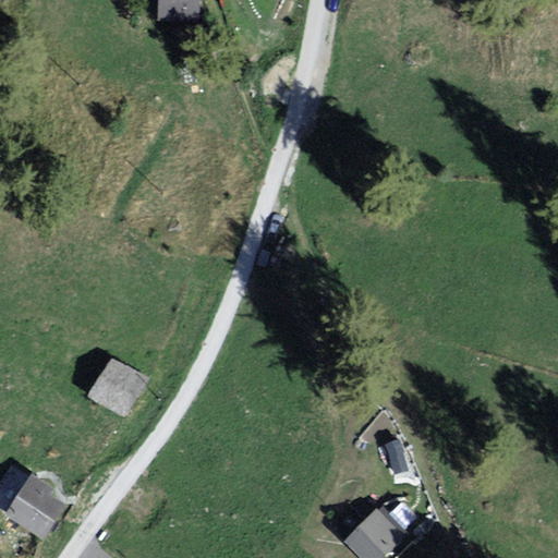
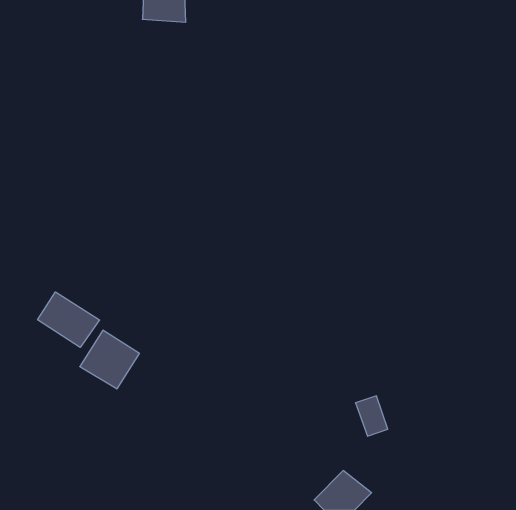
building: none -> [38,292,100,347]
building: [8,476,68,537] -> none

